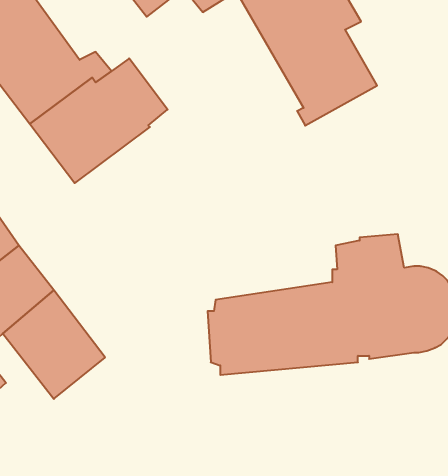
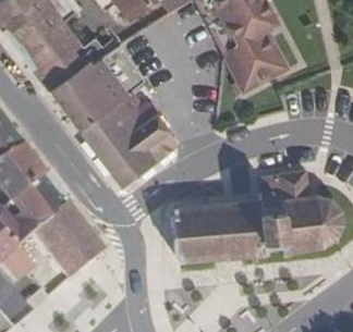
building: none -> [82,93,178,185]

